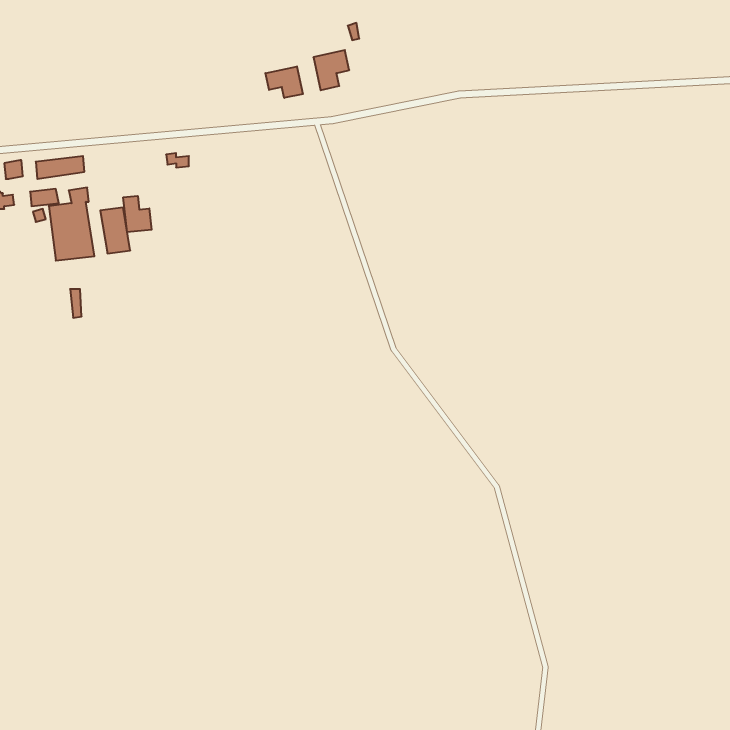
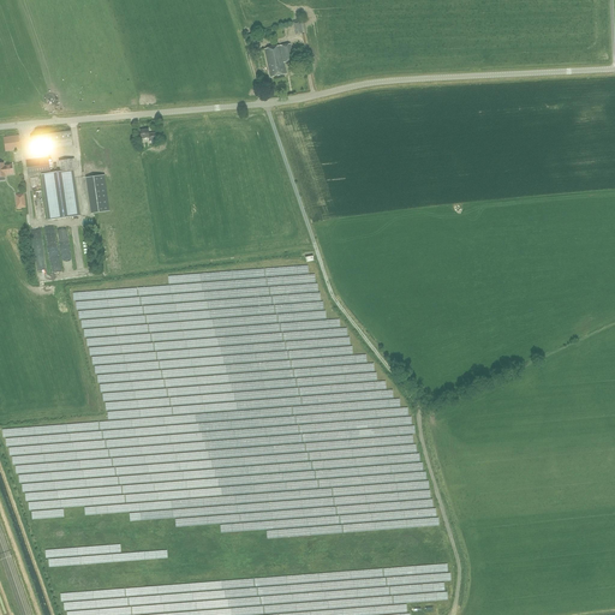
building: [265,66,303,98] -> none
building: [123,196,152,232] -> none

